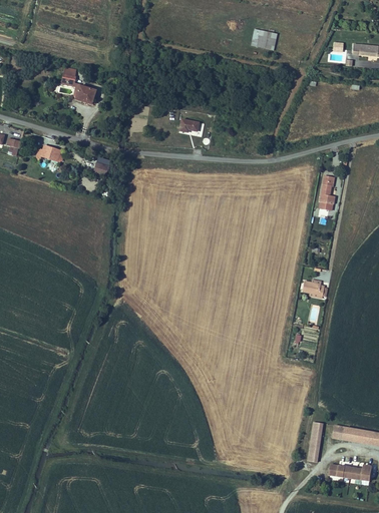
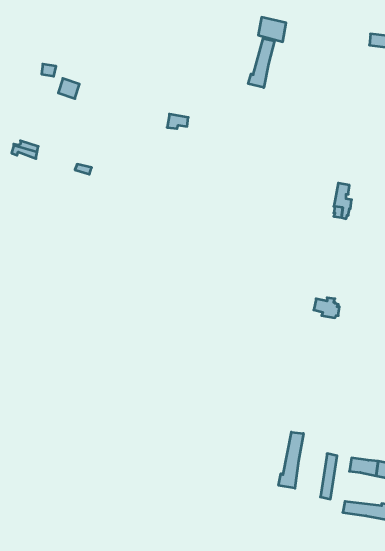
building: none -> [248,39,274,88]
building: none -> [279,432,303,488]

